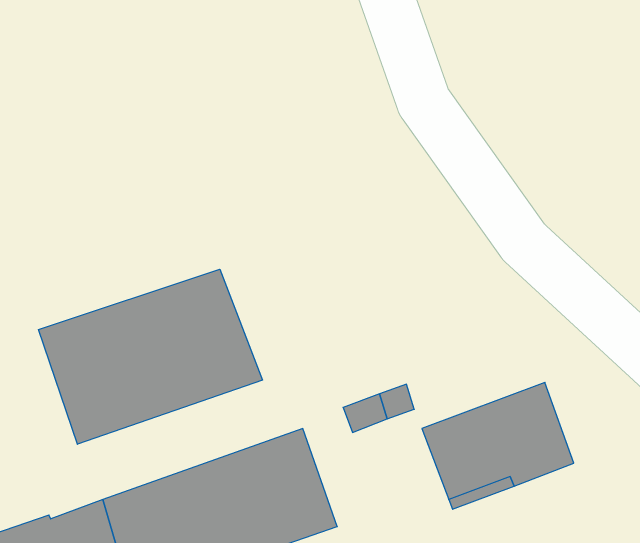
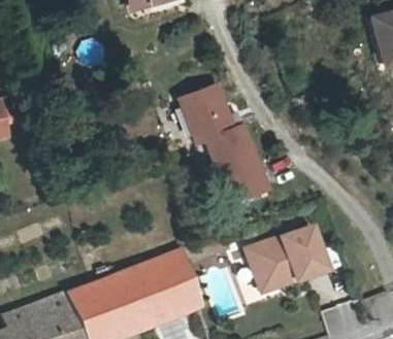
building: none -> [181,86,266,204]
building: [38,269,263,444] -> none

